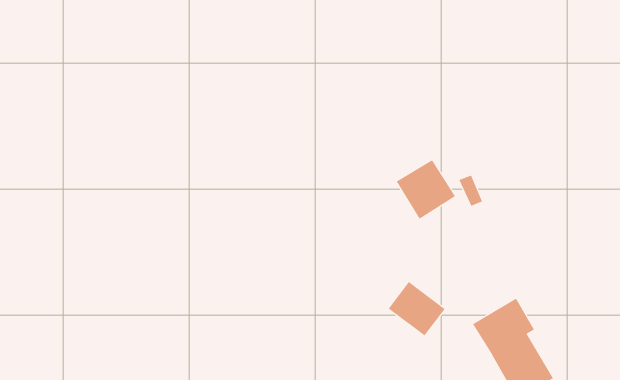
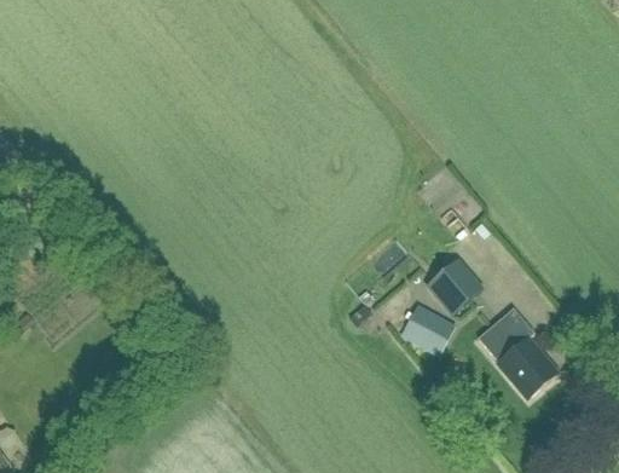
building: [396,159,456,219] -> [428,260,482,315]

